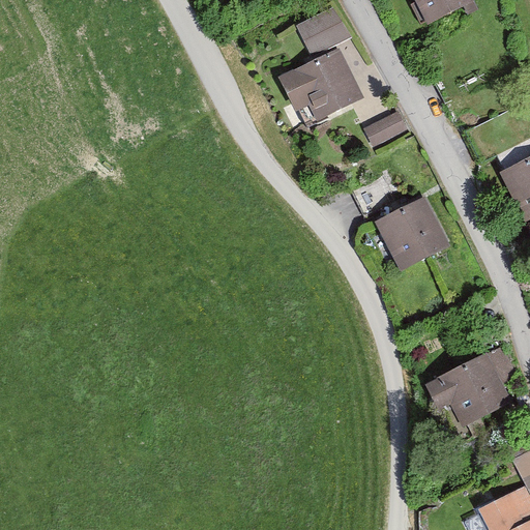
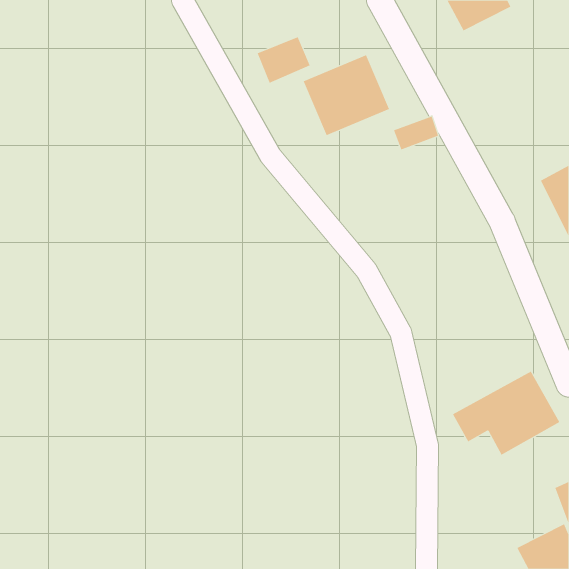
building: [298,9,348,53] -> [257,37,310,83]
building: [372,196,453,273] -> none

